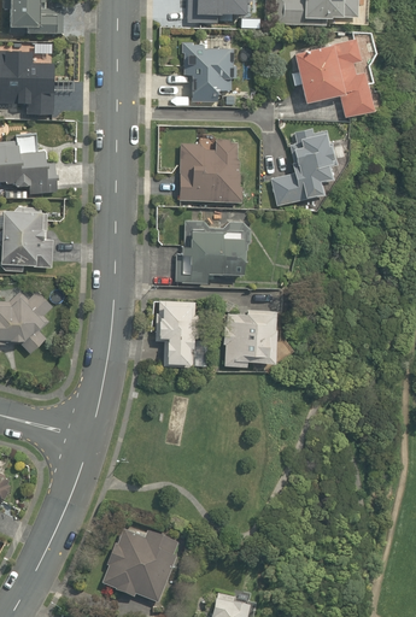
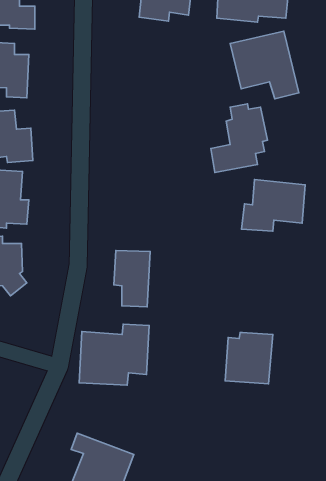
building: [182,43,233,98] -> none
building: [177,140,242,201] -> none
building: [172,223,248,284] -> [241,180,305,231]
building: [222,306,279,368] -> [225,332,273,384]
building: none -> [79,324,149,385]

